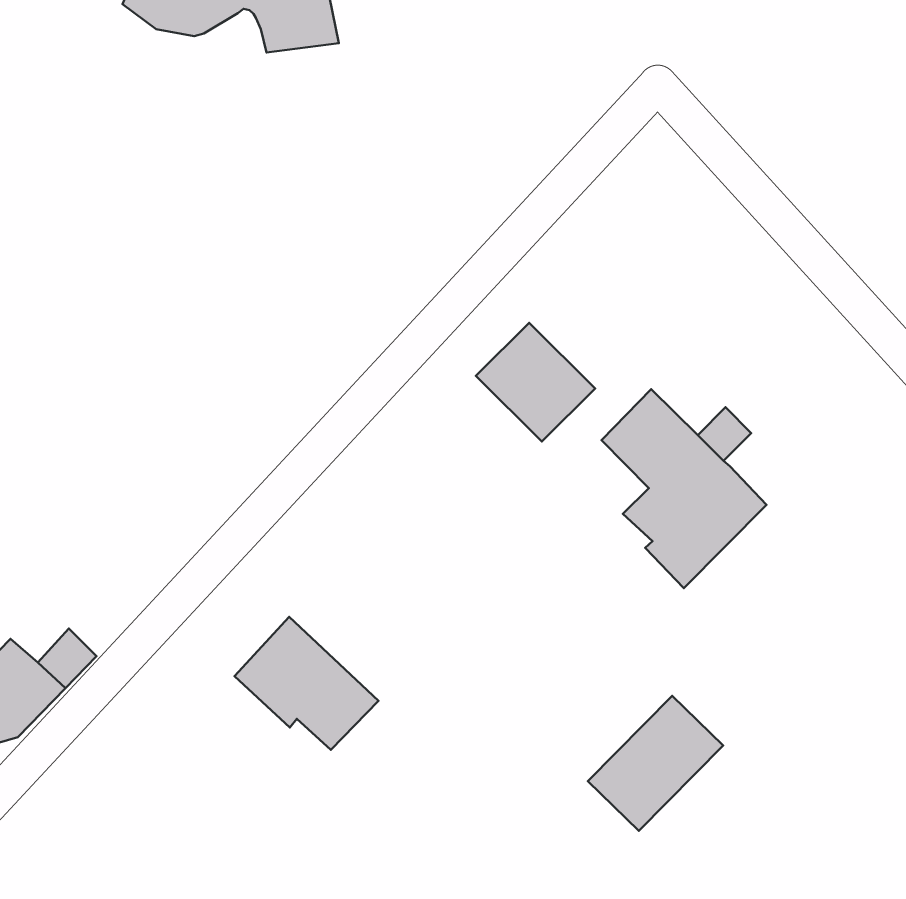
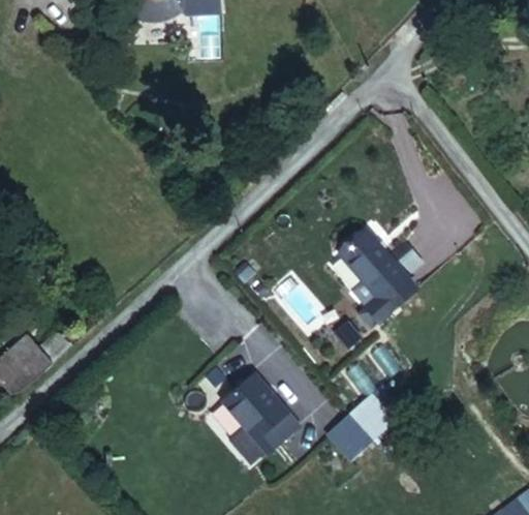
building: [476,323,595,441] -> none
building: [234,617,379,750] -> [215,378,289,450]

